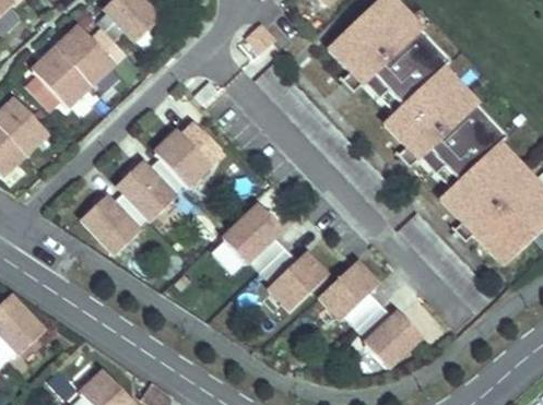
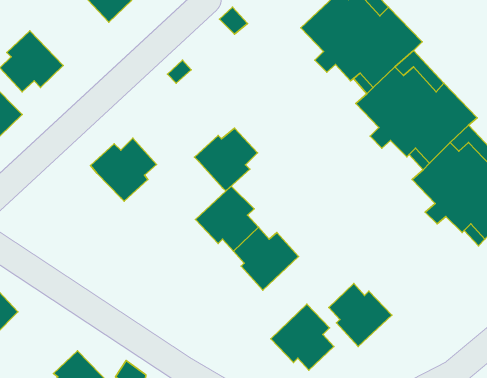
building: [56,25,113,82] -> none
building: [155,121,219,184] -> [194,128,257,191]
building: [81,190,147,252] -> none
building: [319,259,382,325] -> [271,304,334,370]

